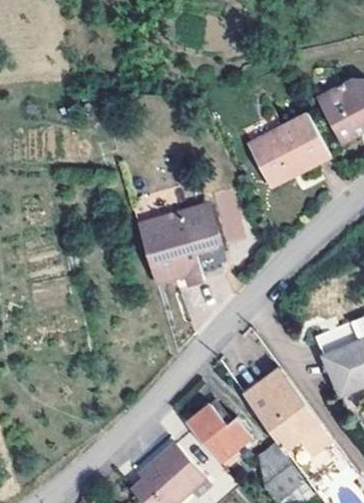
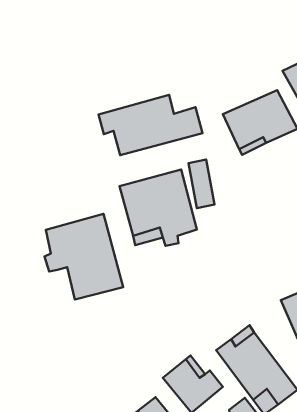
building: none -> [98,95,202,155]
building: none -> [44,214,123,300]

